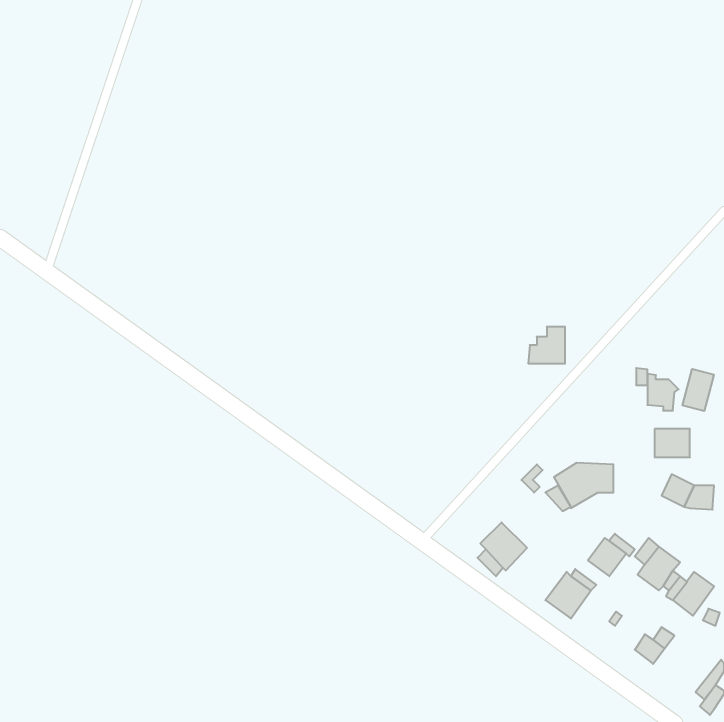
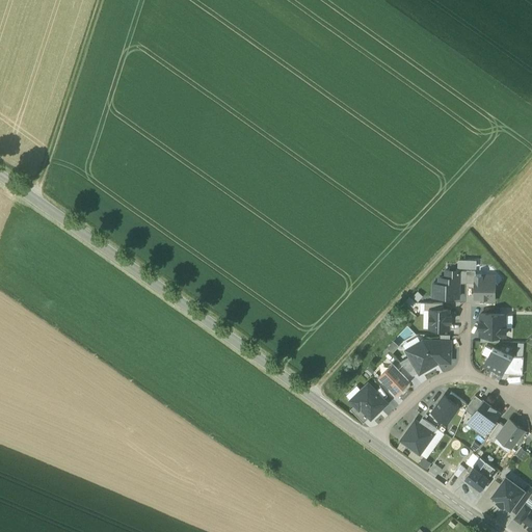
building: [528,327,565,364] -> [432,271,459,298]
building: [682,369,714,411] -> none
building: none -> [429,311,451,329]
building: none -> [380,366,408,395]
building: none -> [493,477,525,509]

